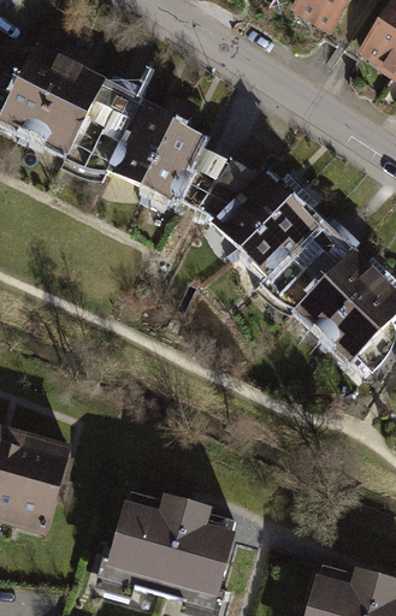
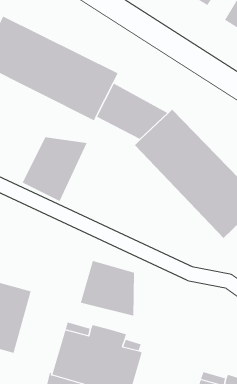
building: none -> [22,137,87,202]
building: none -> [80,260,134,317]

